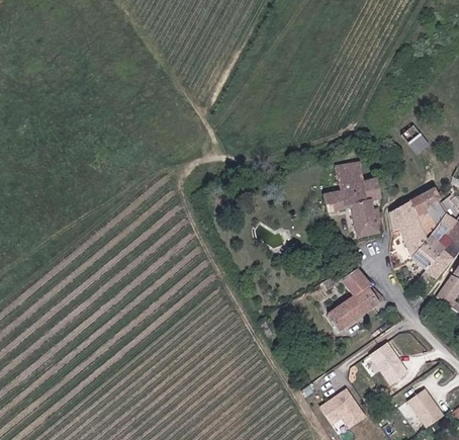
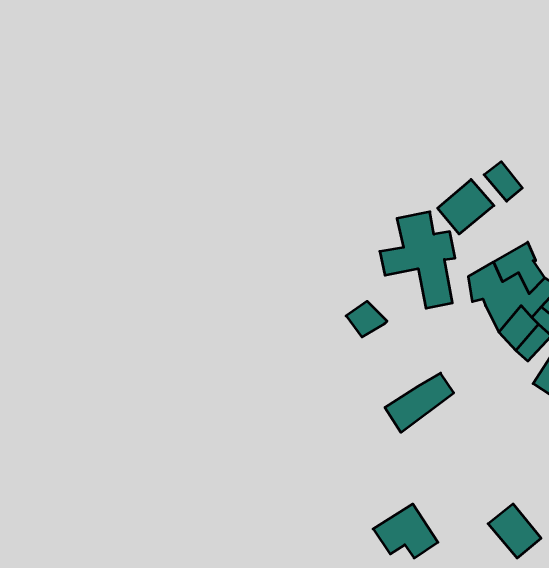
building: none -> [438,179,494,234]
building: [339,269,370,296] -> [346,301,387,337]
building: [368,340,409,385] -> none

